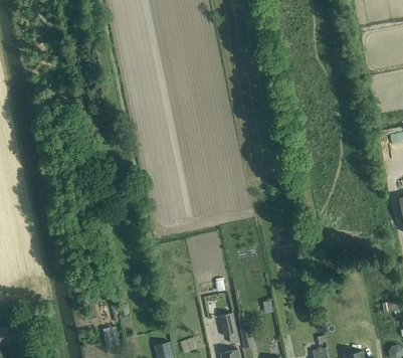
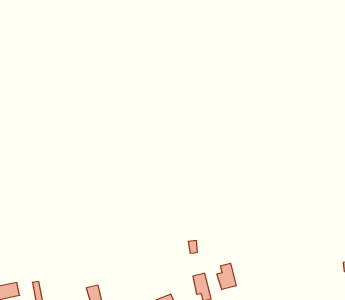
building: none -> [217,263,236,290]

